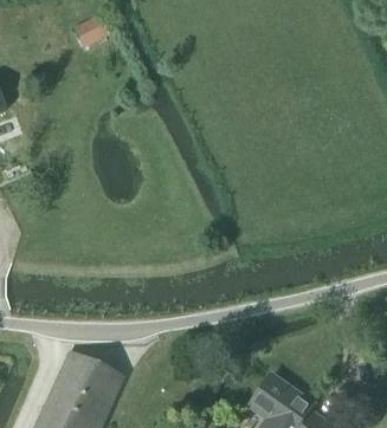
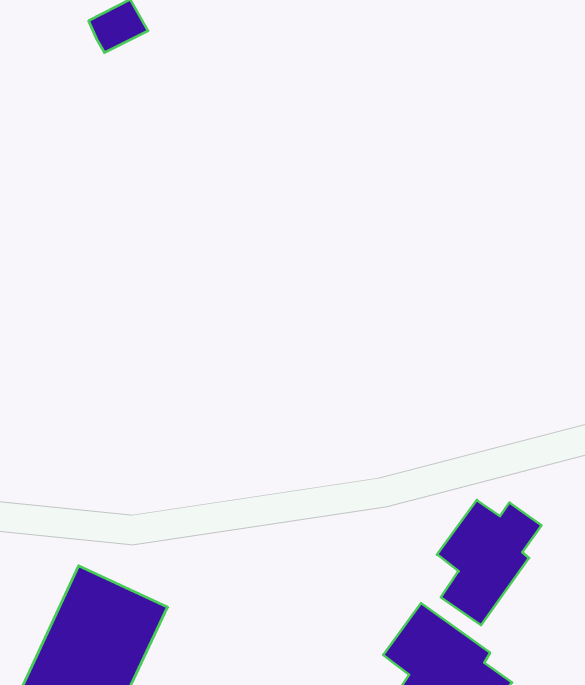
building: none -> [437,500,541,625]

